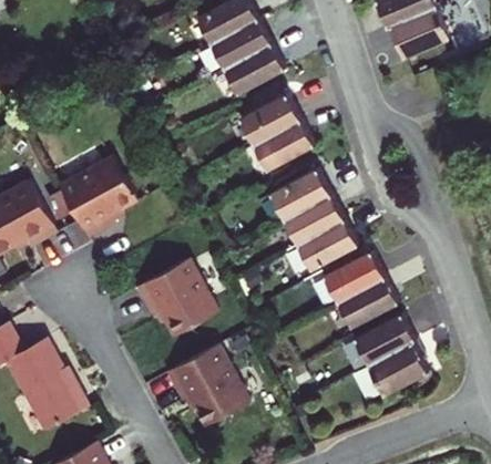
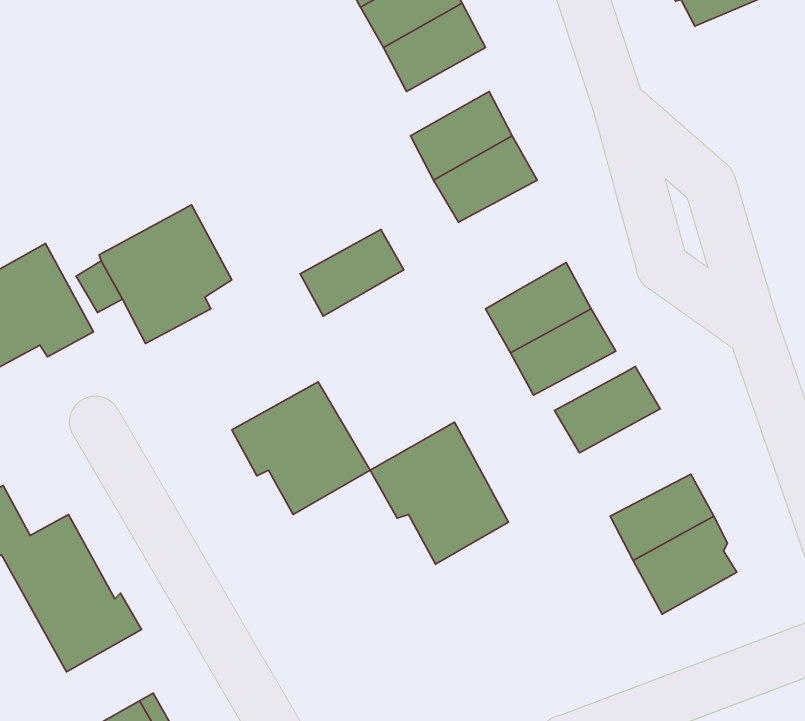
building: [270,169,330,219] -> [300,230,404,316]
building: [338,277,398,328] -> none
building: [166,344,246,426] -> [370,422,508,564]

